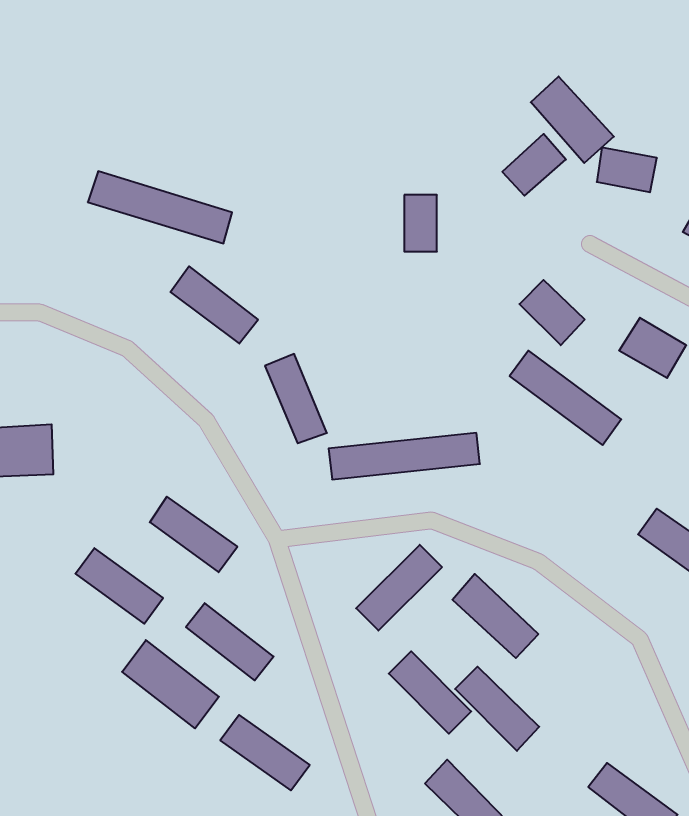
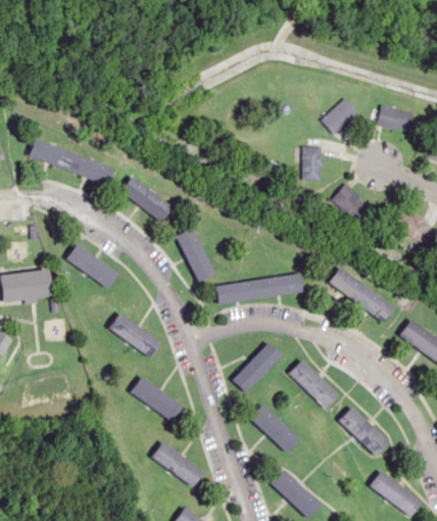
building: [531,76,614,163] -> none
building: [88,171,232,243] -> [30,140,115,183]
building: [404,195,437,252] -> [300,146,320,180]
building: [510,351,621,445] -> [330,267,396,323]
building: [75,548,163,624] -> [66,243,118,288]
building: [122,640,219,728] -> none
building: [455,667,539,751] -> [340,407,390,457]

